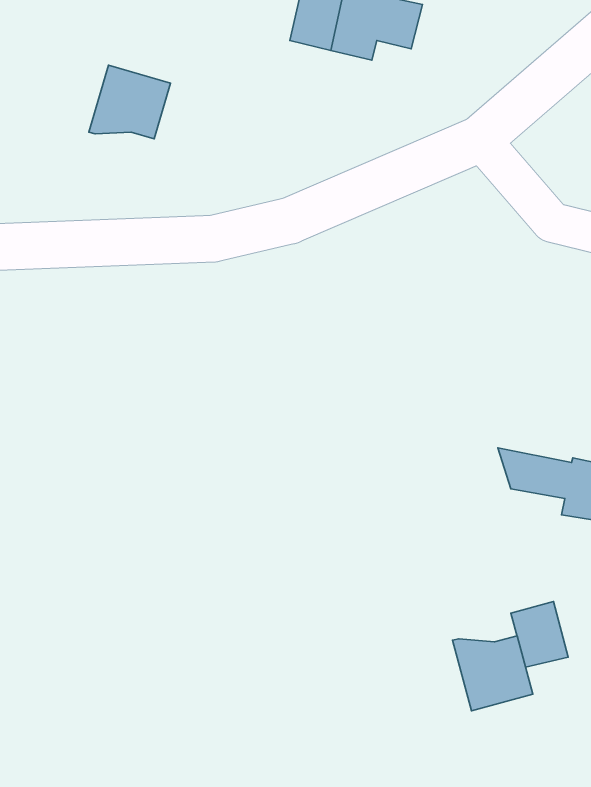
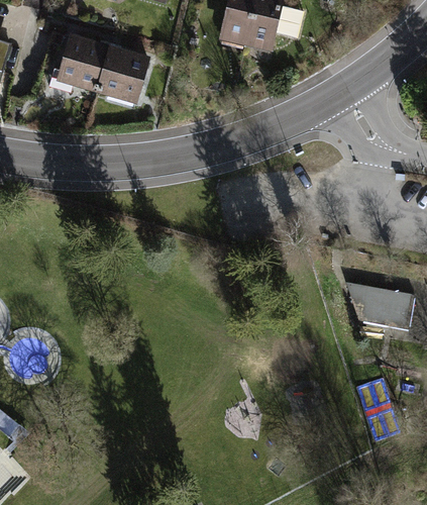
building: none -> [46,37,107,93]
building: [452,636,533,711] -> none

